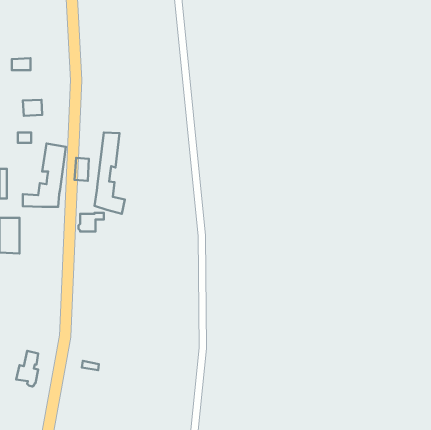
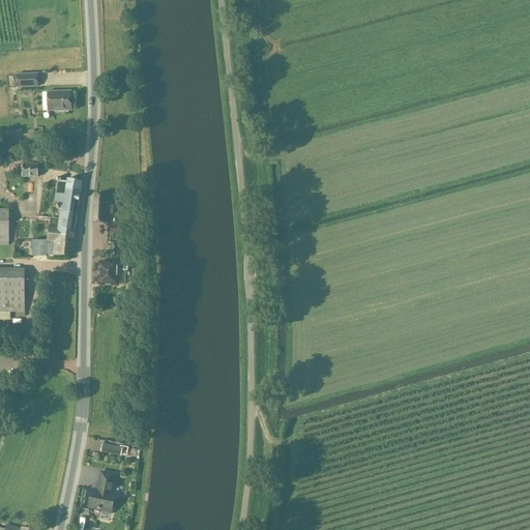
building: [23,100,42,116] -> [47,90,70,110]
building: [94,132,125,214] -> none
building: [16,351,38,386] -> [87,470,114,513]

